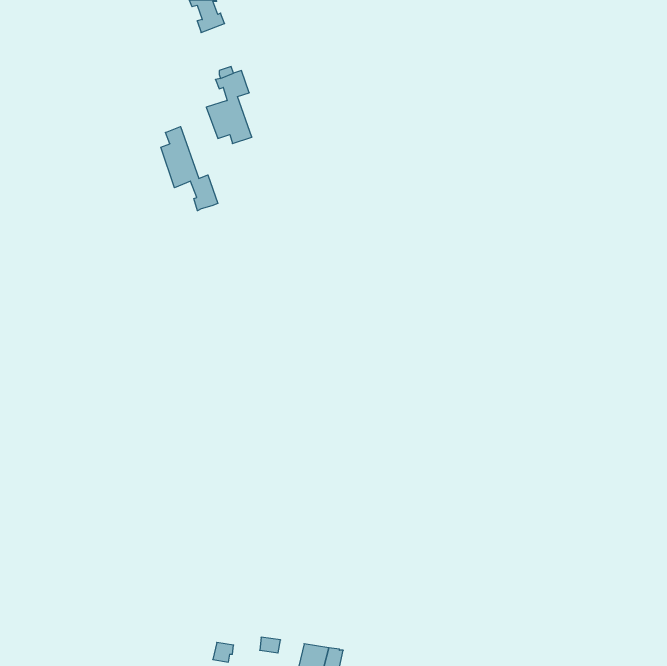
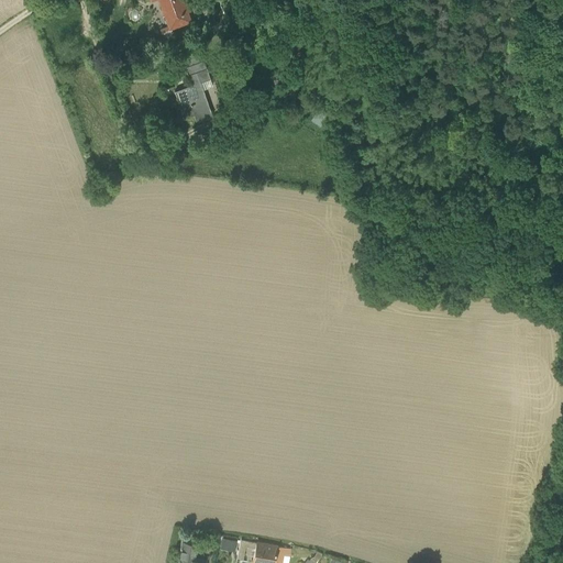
building: [161,127,218,211] -> none

